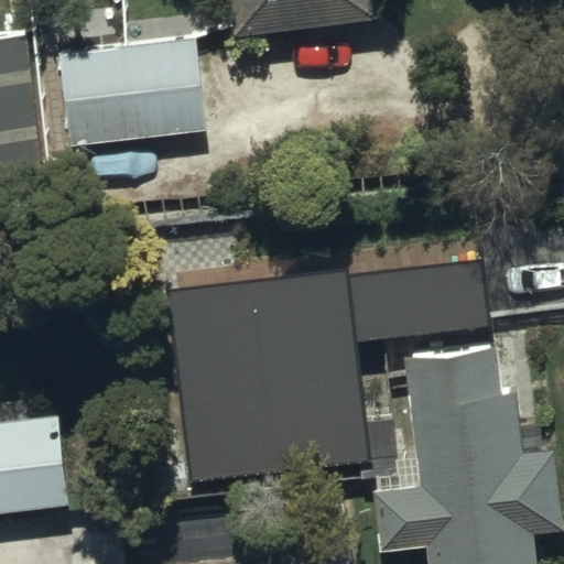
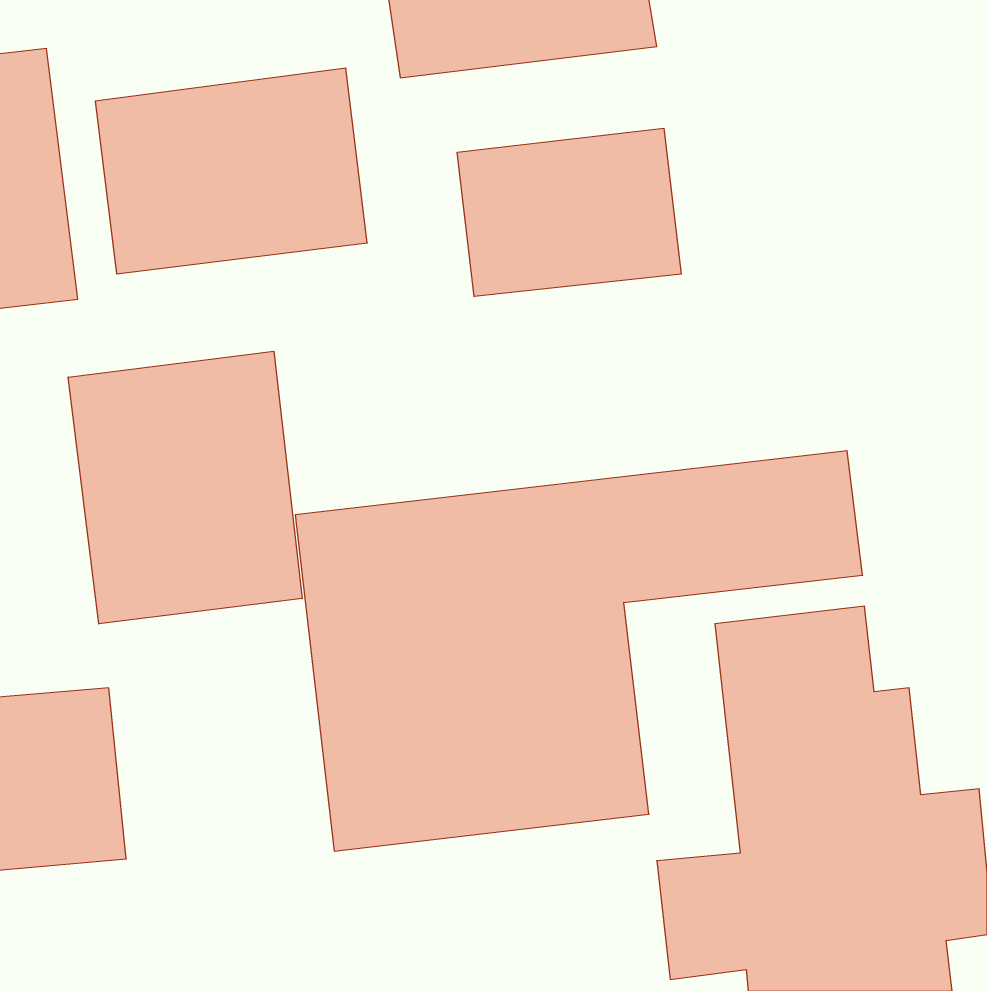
building: none -> [457,128,681,297]
building: none -> [68,351,302,624]

